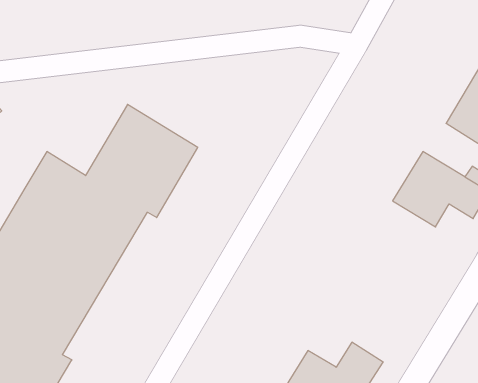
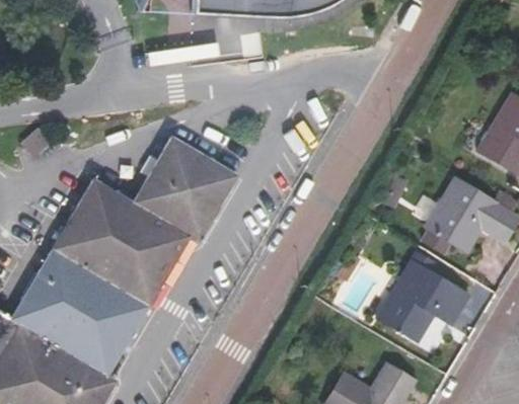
building: none -> [377,259,472,343]

